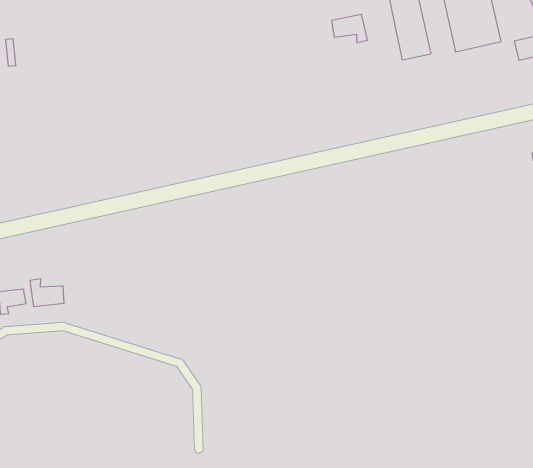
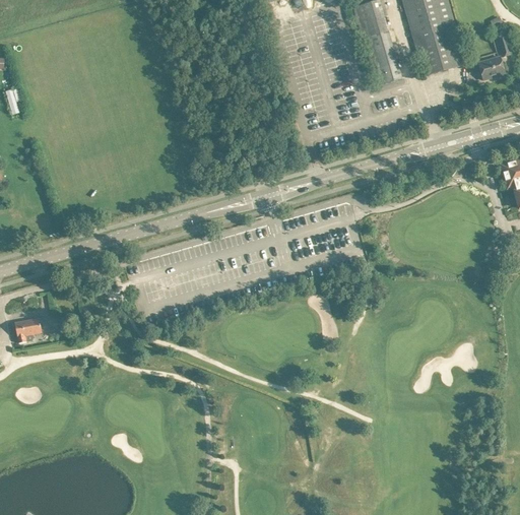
building: [332,14,367,43] -> none
building: [30,279,64,307] -> none

